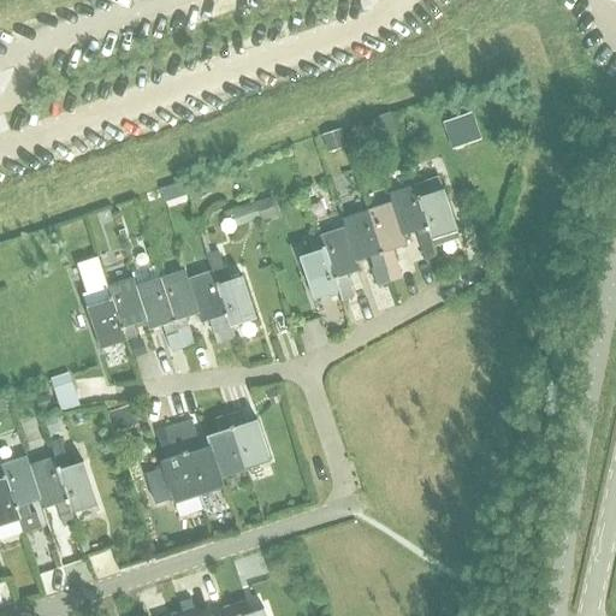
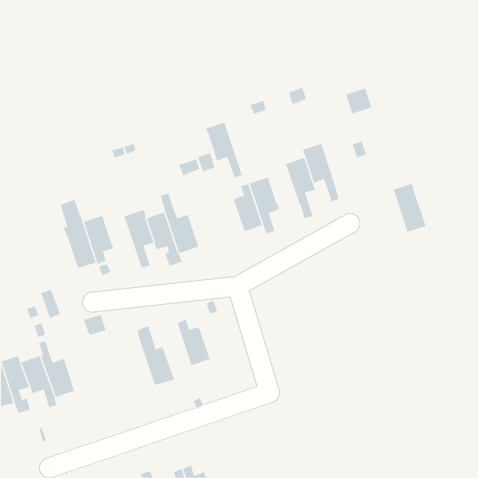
building: [414,176,457,239] -> [393,183,427,233]
building: [342,211,390,283] -> [205,122,243,178]
building: [135,278,182,349] -> none
building: [206,415,245,479] -> none
building: [147,425,199,505] -> none

